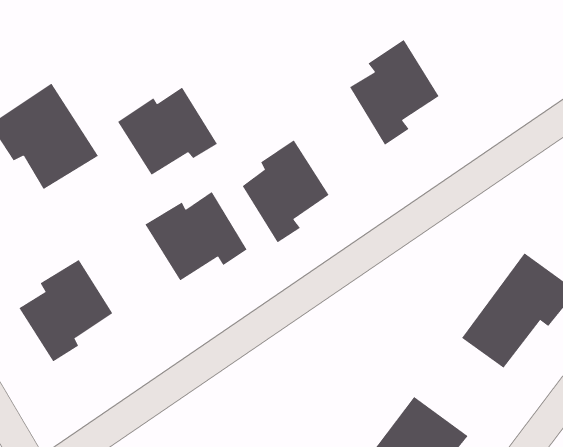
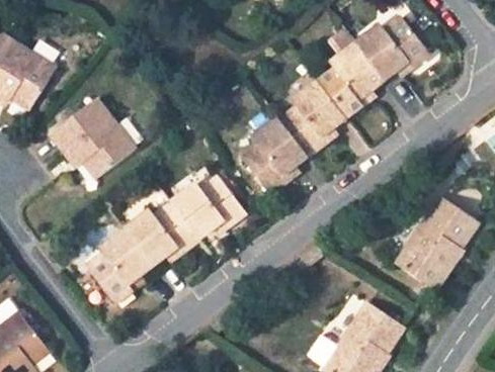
building: none -> [346,23,423,89]
building: [117,87,218,176] -> [121,196,195,262]
building: none -> [271,87,337,166]

